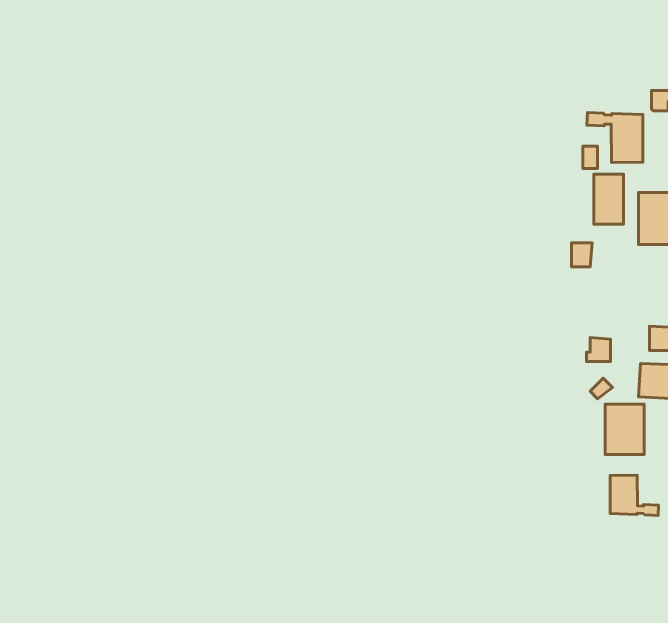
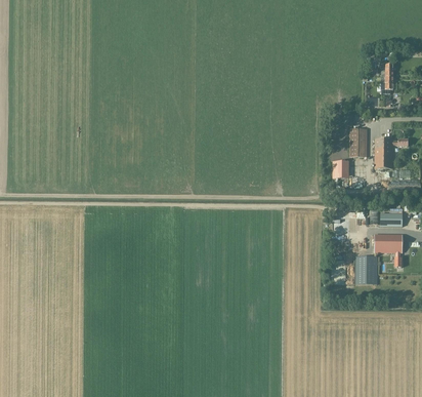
building: [587,112,643,163] -> none
building: [610,475,659,515] -> none

